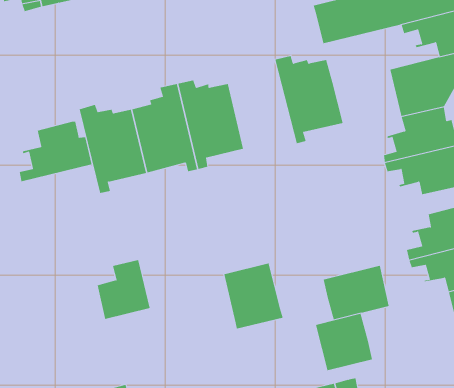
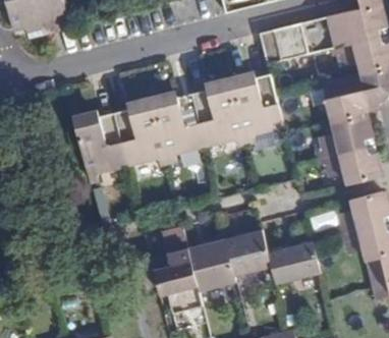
building: none -> [191,75,245,147]
building: [19,121,92,182] -> none
building: [97,259,150,320] -> [154,246,197,294]
building: [315,313,373,371] -> [224,228,270,274]

